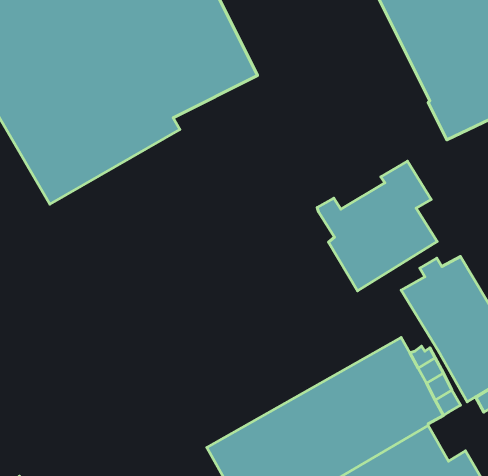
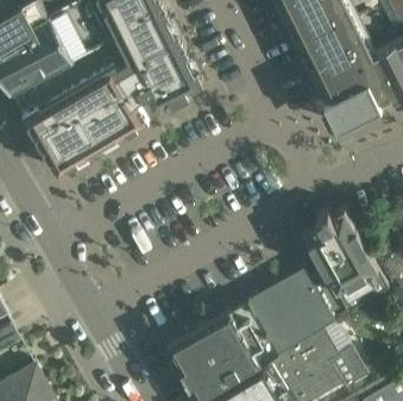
building: [317,161,437,291] -> none

